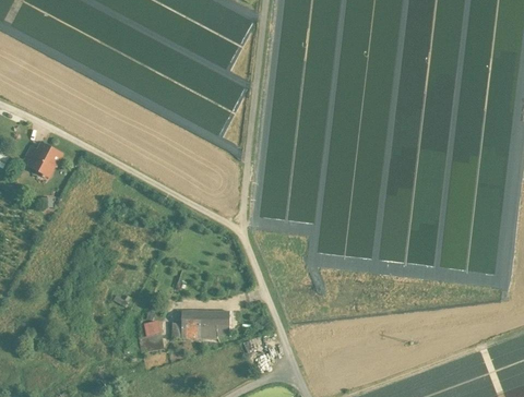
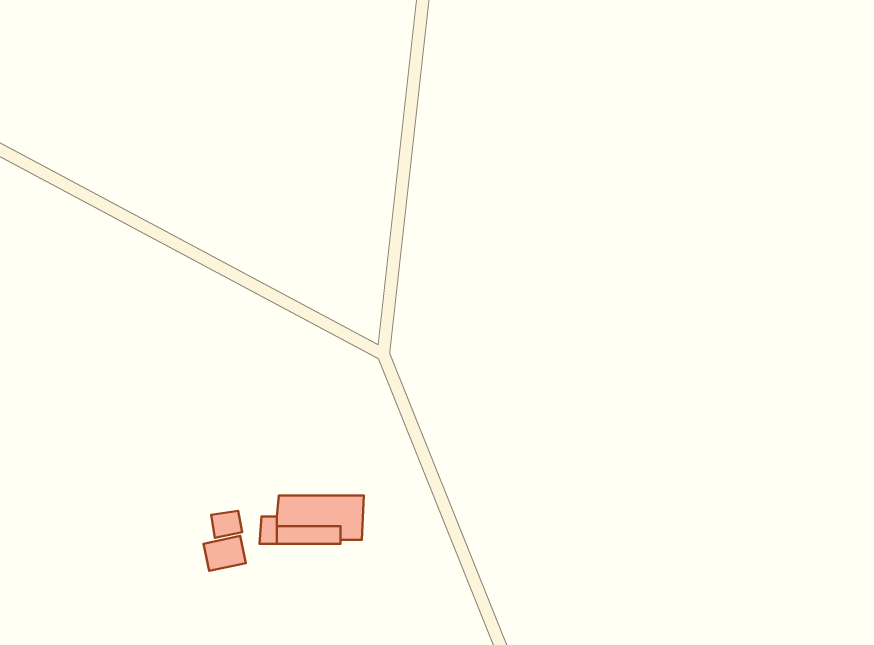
building: [33,144,62,171] -> none

